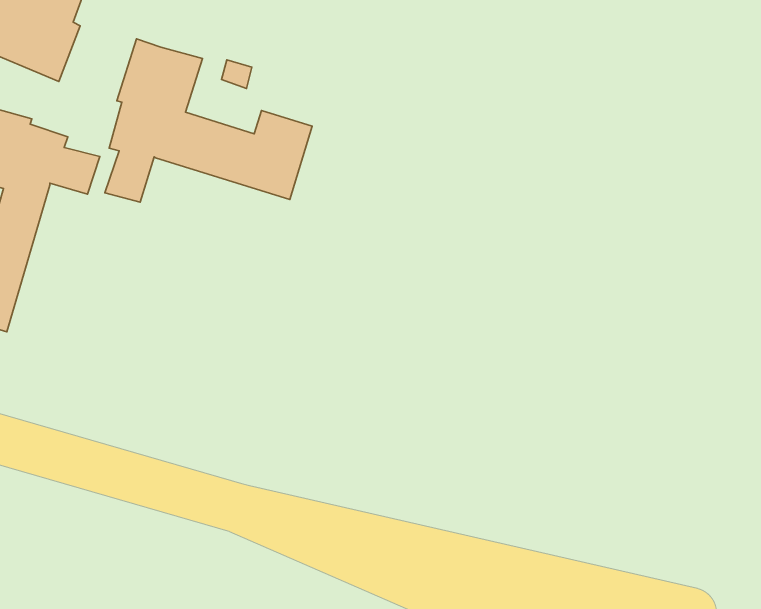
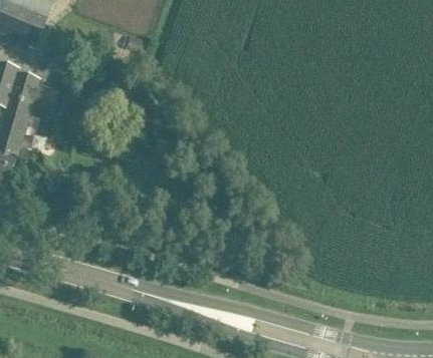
building: [105,39,312,202] -> none

